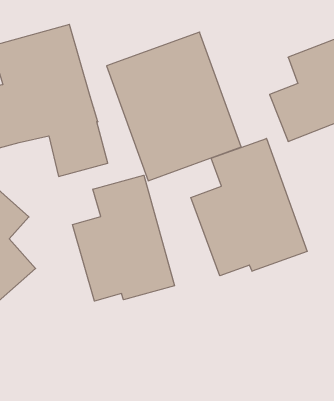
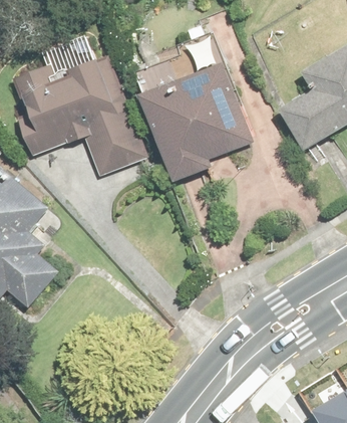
building: [191,138,307,276] -> none
building: [73,175,175,301] -> none

